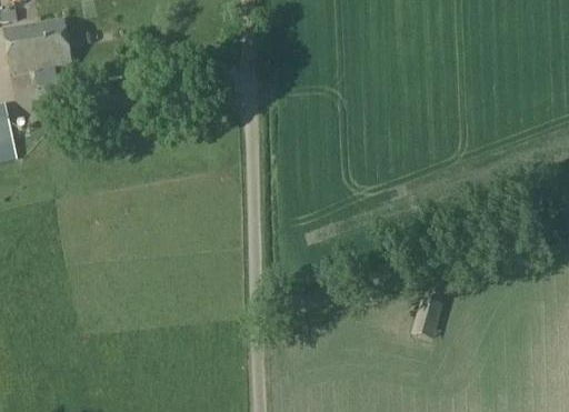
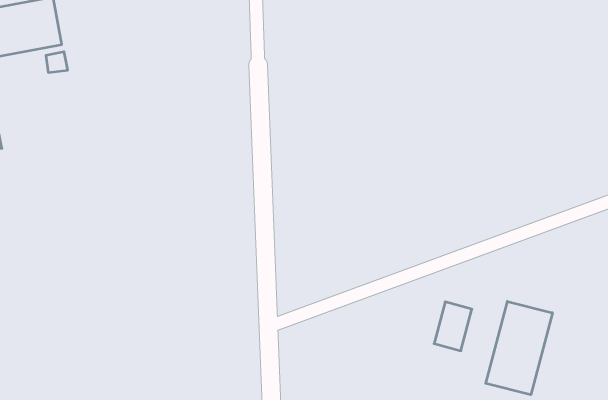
building: none -> [486,301,552,395]

